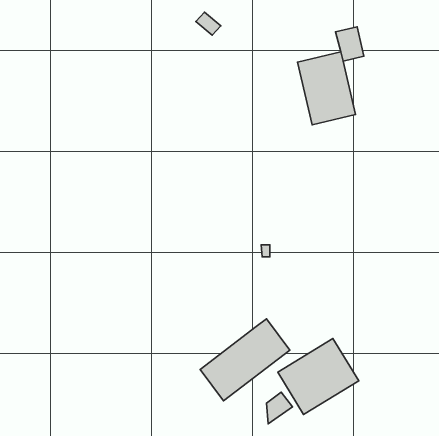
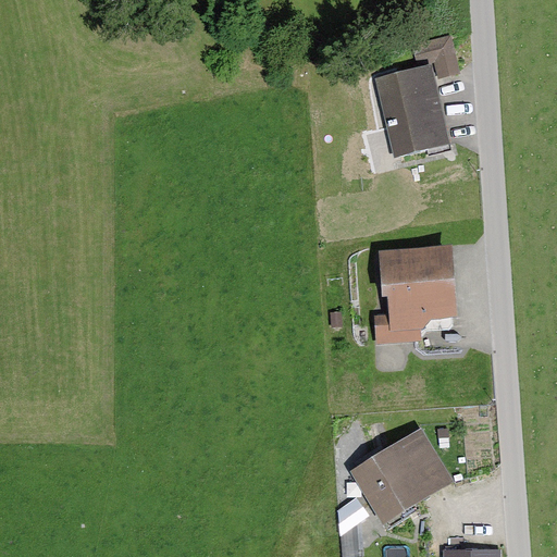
building: none -> [375,248,454,338]
building: [200,319,290,401] -> none

